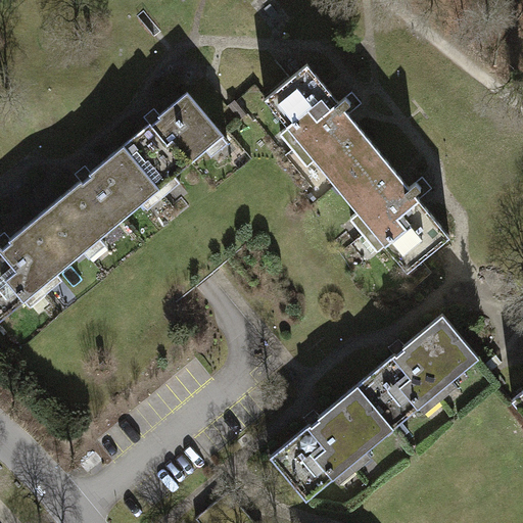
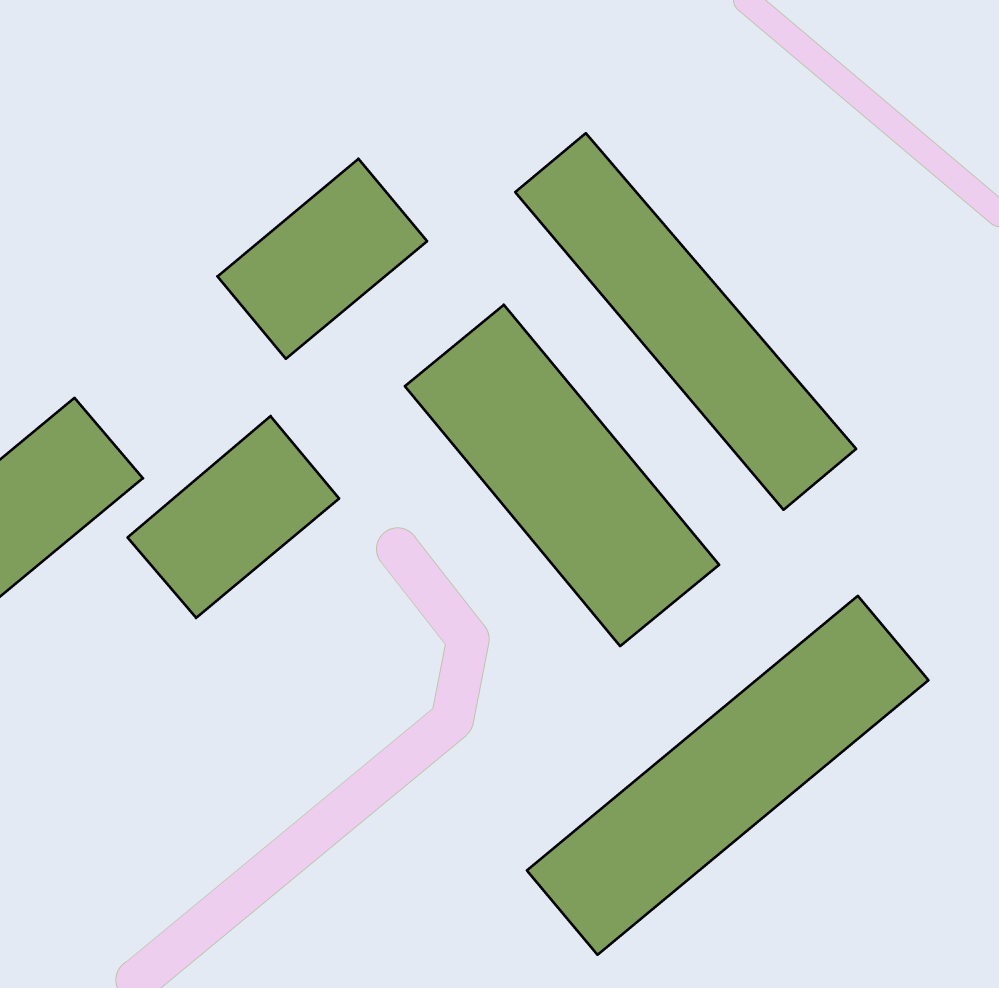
building: [39,151,149,256] -> [128,416,339,618]
building: none -> [405,305,719,646]

